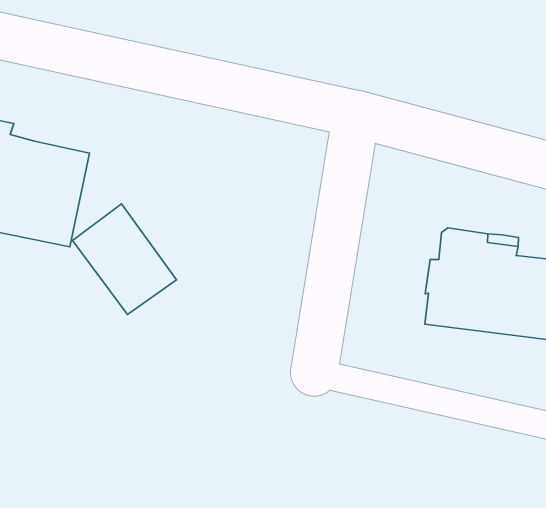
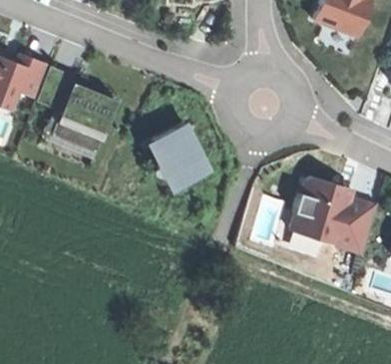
building: [73,204,177,314] -> [152,123,208,187]

